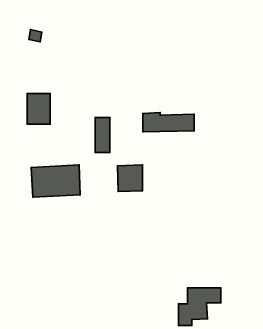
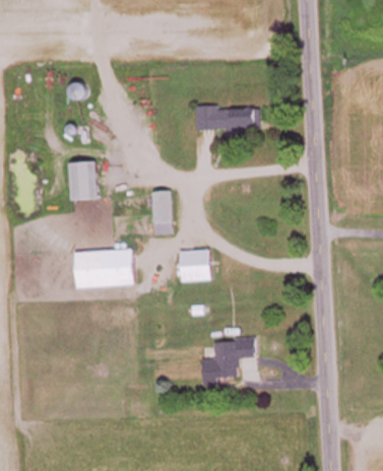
building: [143,113,194,132] -> [195,106,258,129]
building: [178,288,221,325] -> [202,339,254,385]

